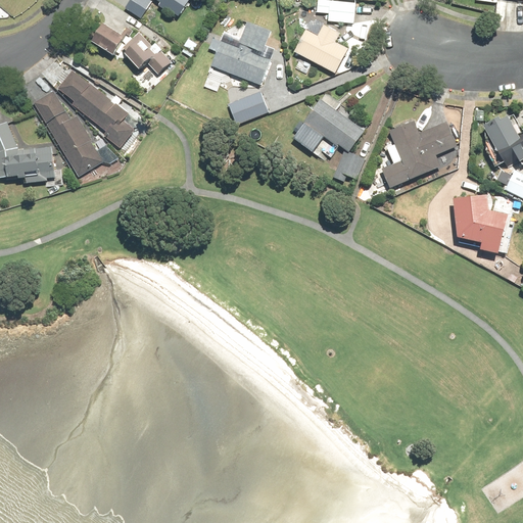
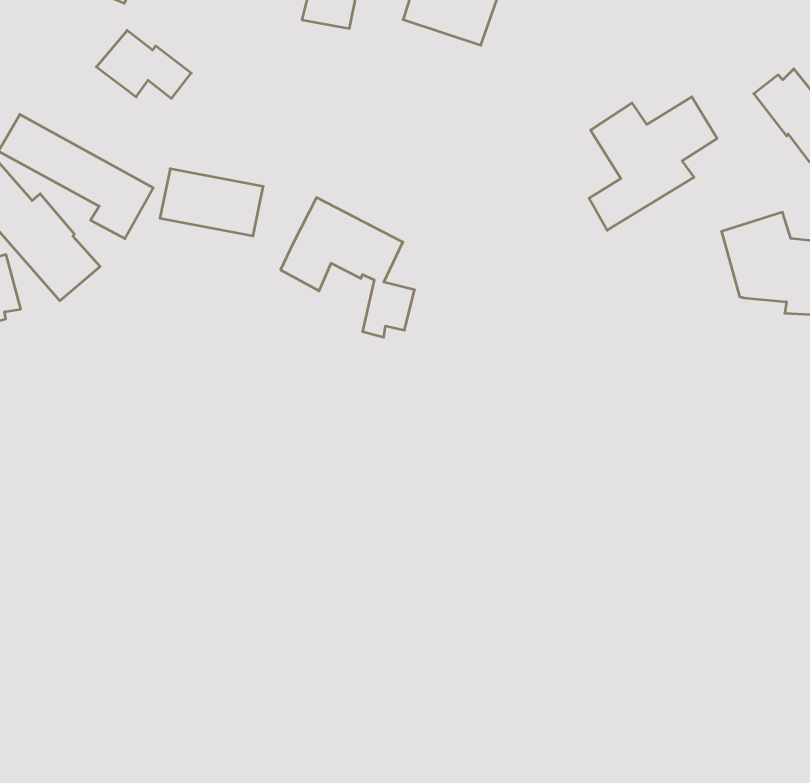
building: [91,21,133,54] -> none
building: [210,39,271,84] -> [160,169,263,236]
building: [229,91,269,124] -> none
building: [293,97,366,181] -> [281,198,415,337]

